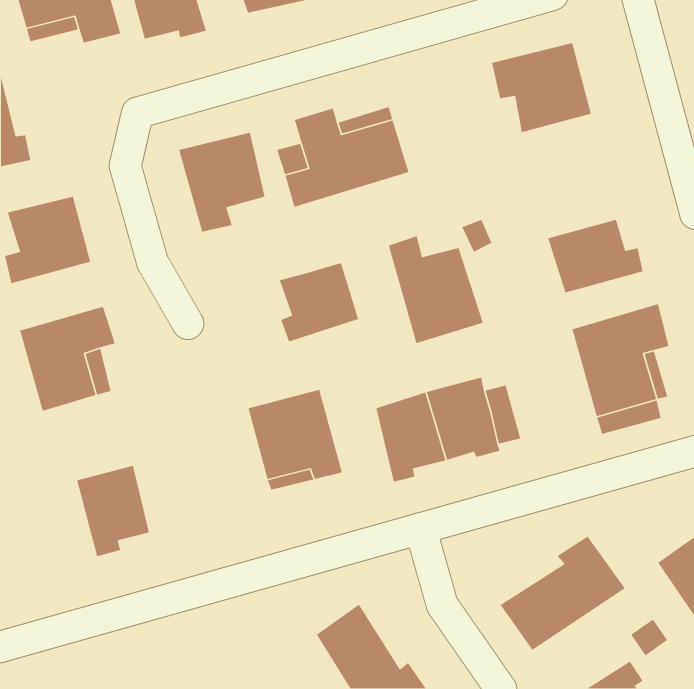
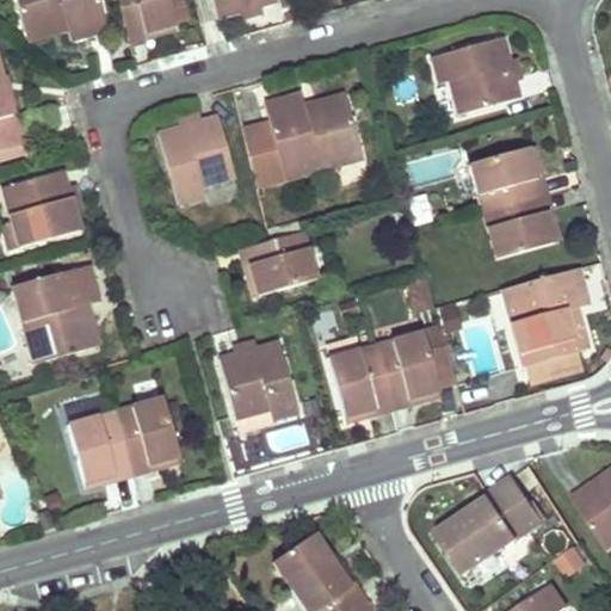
building: none -> [469,144,545,209]
building: [388,235,484,344] -> none
building: none -> [118,396,184,468]

